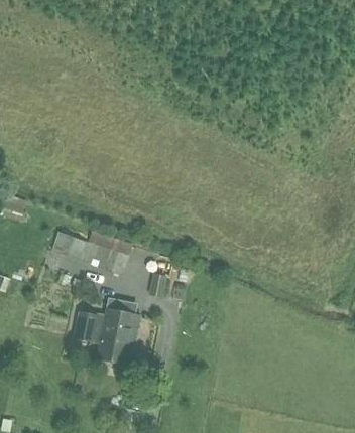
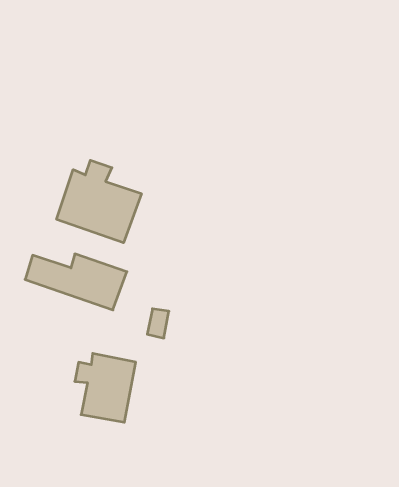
building: none -> [57,160,141,243]

